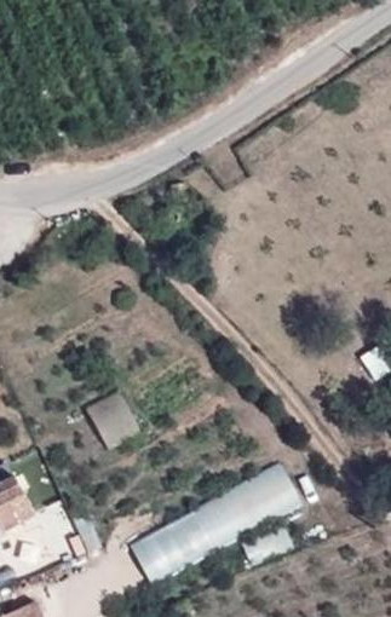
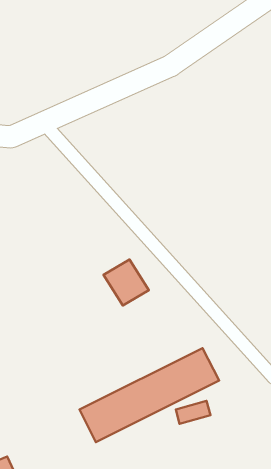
building: [87,390,144,448] -> [104,259,149,305]

